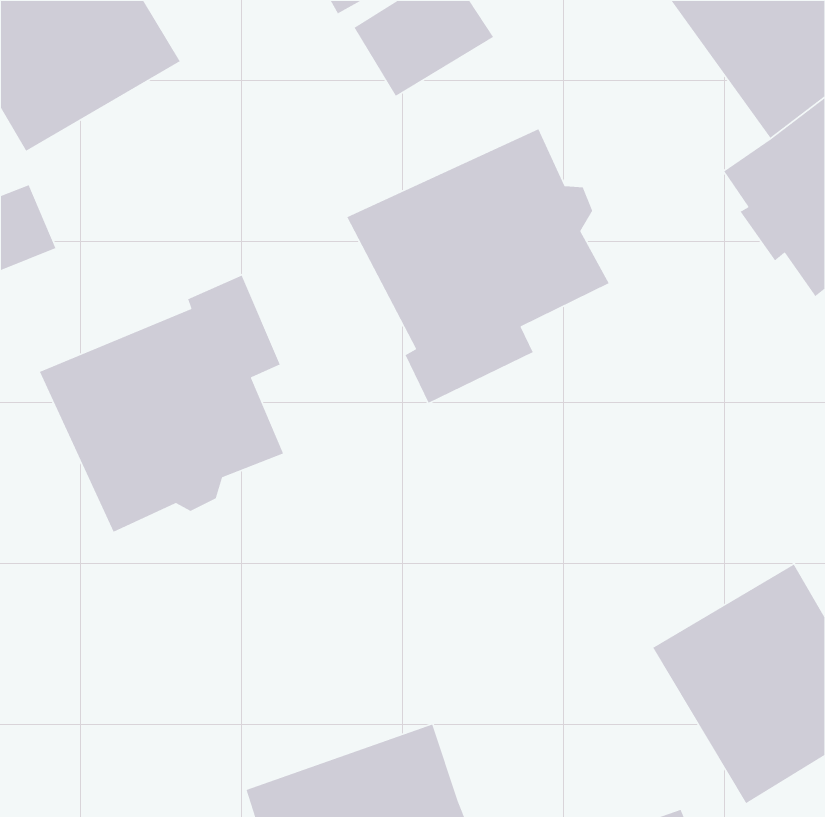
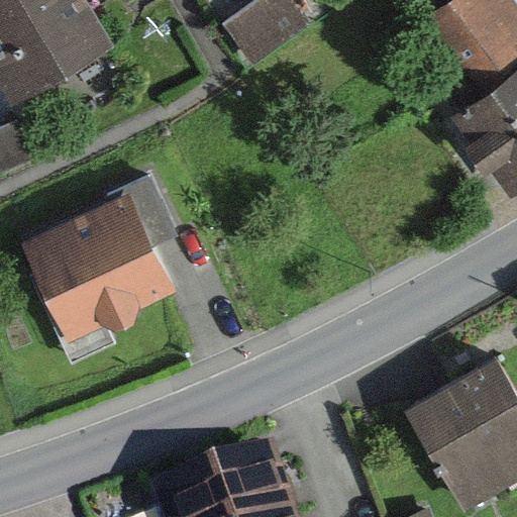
building: [346,128,610,404] -> none

